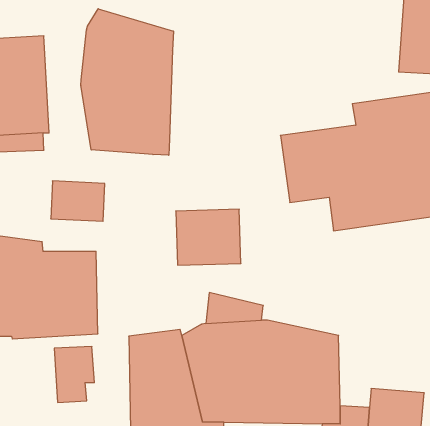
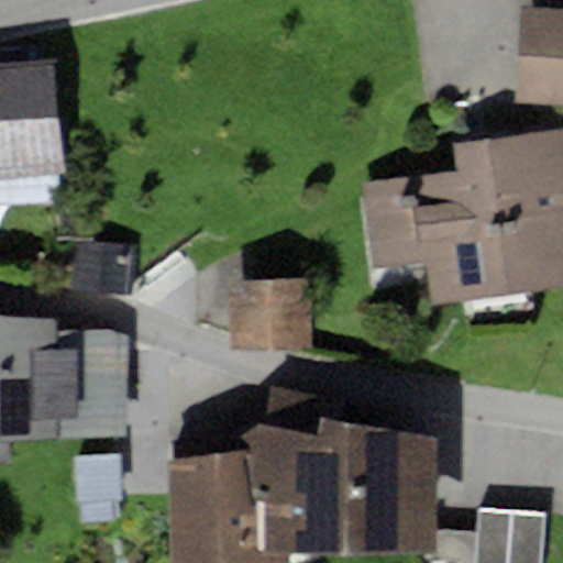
building: [81,9,173,155] -> none

